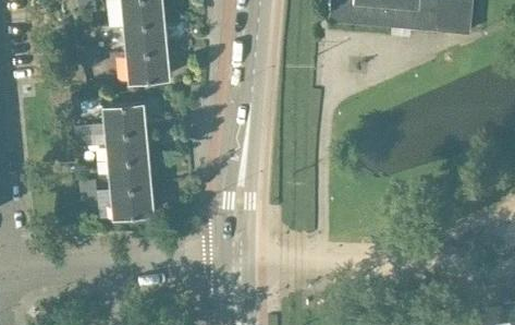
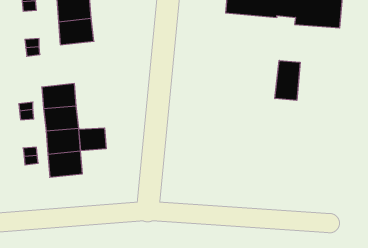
building: [125,52,169,85] -> none
building: none -> [275,60,300,100]
building: none -> [79,128,106,151]

